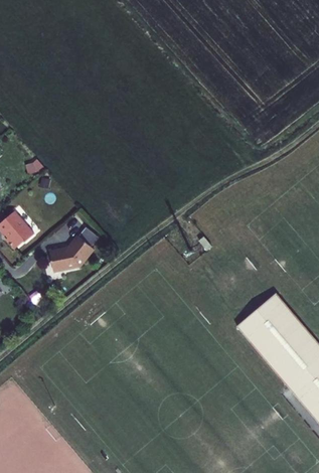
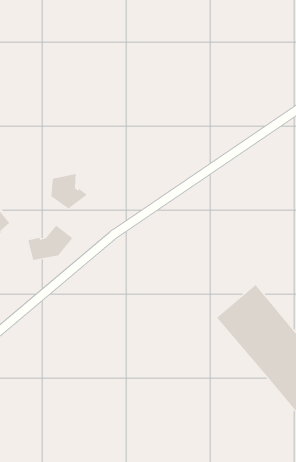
building: none -> [51,173,88,209]

